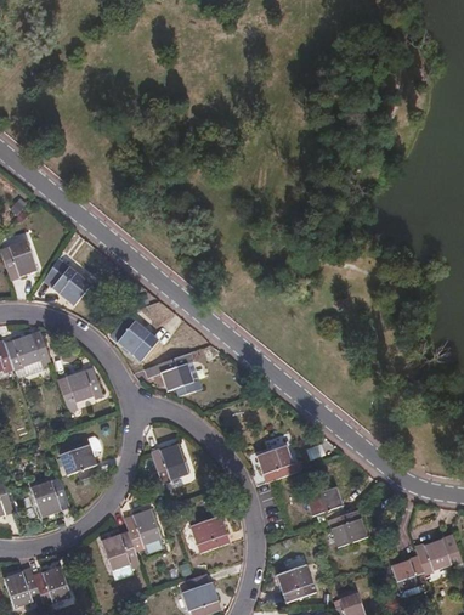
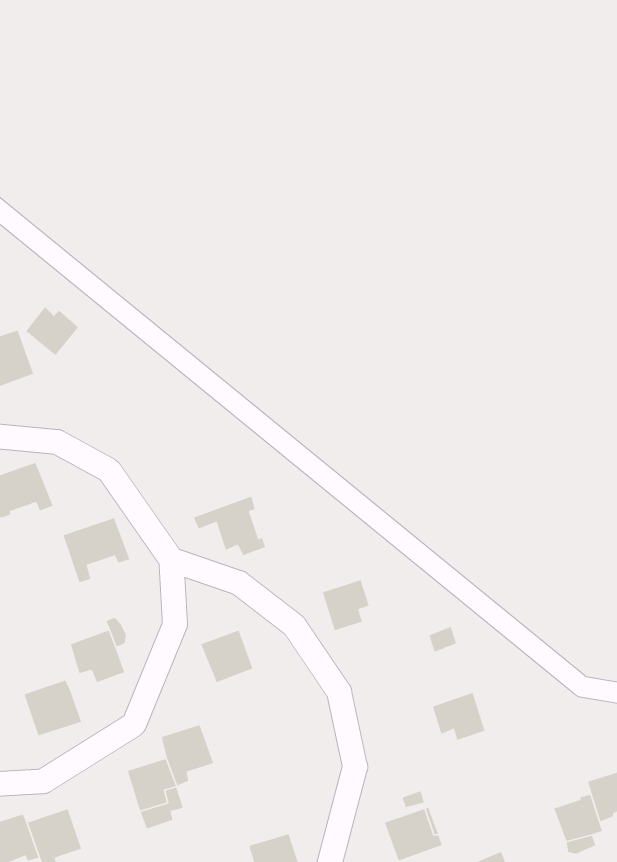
building: [52,271,89,305] -> [25,306,79,356]
building: [111,321,151,360] -> none
building: [256,446,289,481] -> [322,579,370,631]
building: [327,509,367,546] -> none
building: [192,515,228,552] -> none

